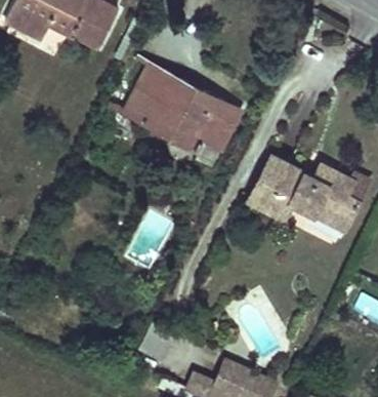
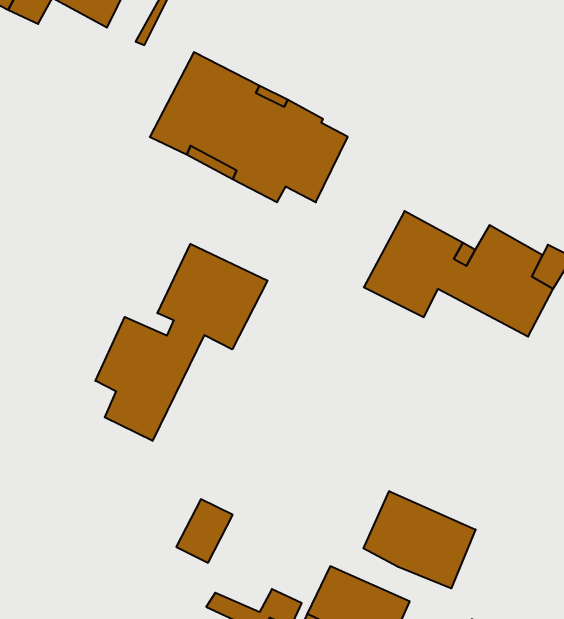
building: none -> [95,244,267,441]
building: none -> [364,491,476,588]

